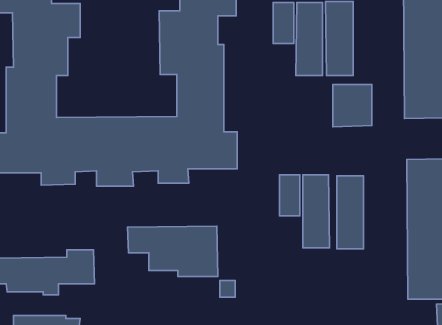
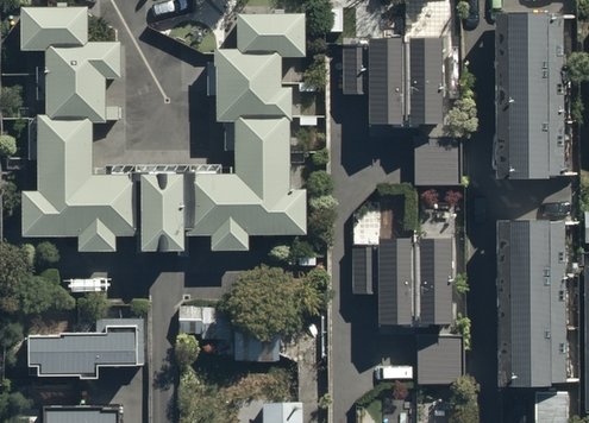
building: none -> [418,333,463,380]

